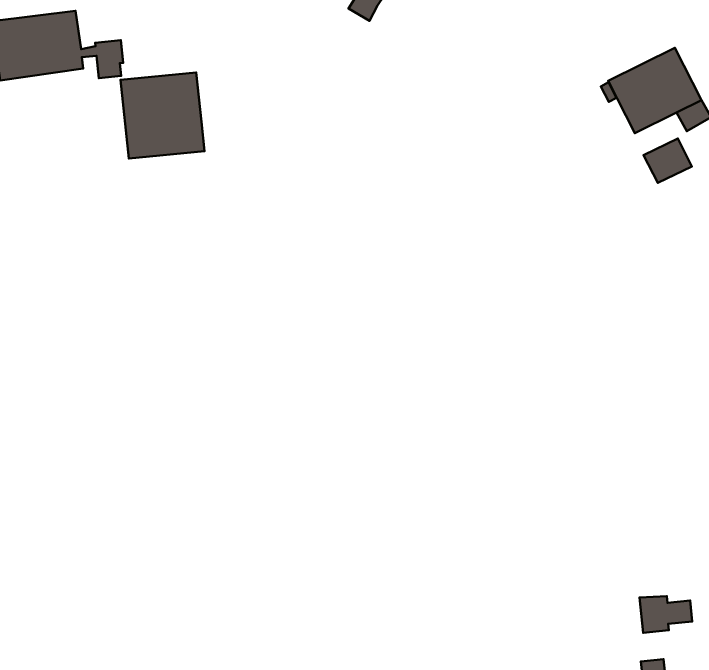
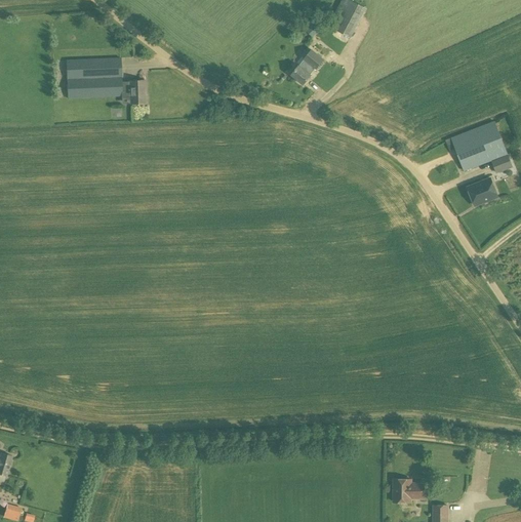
building: [121,72,204,158] -> none
building: [639,596,692,633] -> [393,479,425,501]

